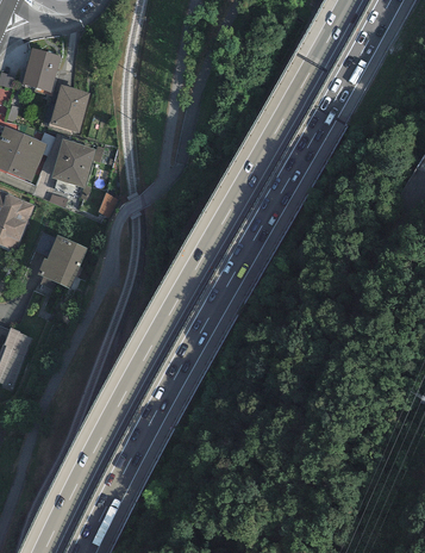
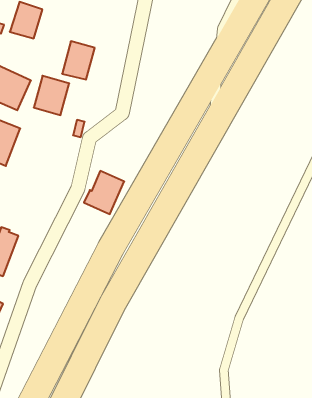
building: [49,83,89,131] -> [62,41,95,80]
building: [37,234,87,287] -> [84,171,124,214]

